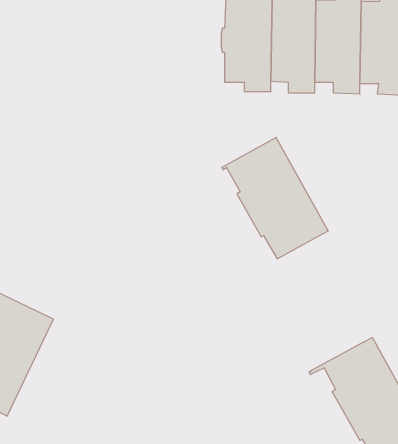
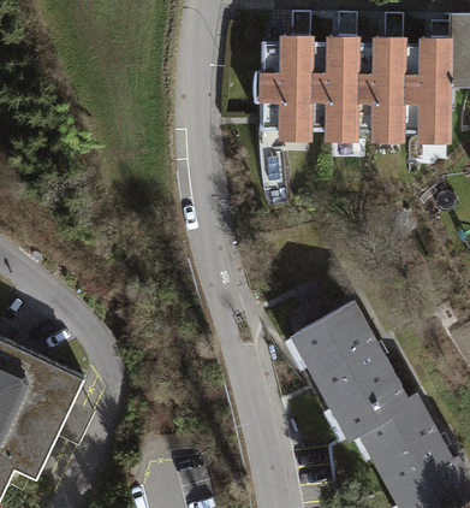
building: [222,137,328,259] -> [295,303,405,430]

